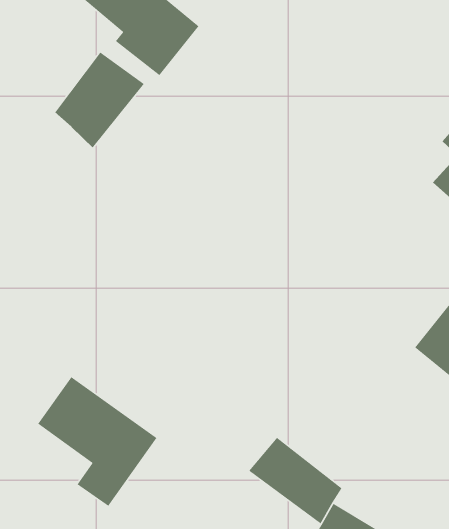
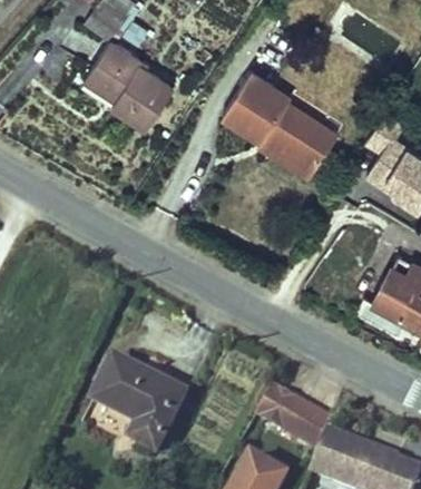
building: none -> [221,68,336,174]
building: [54,51,145,148] -> none

